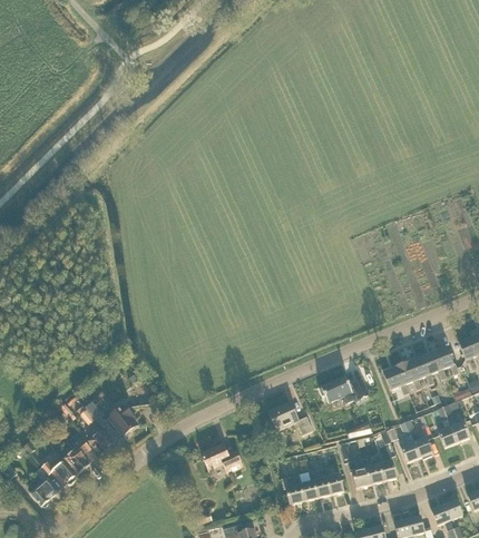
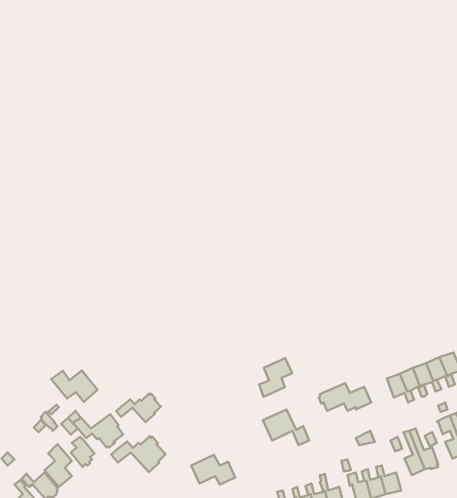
building: none -> [259,358,292,397]
building: none -> [51,371,98,402]
building: none -> [116,394,161,422]
building: none -> [111,436,166,472]

